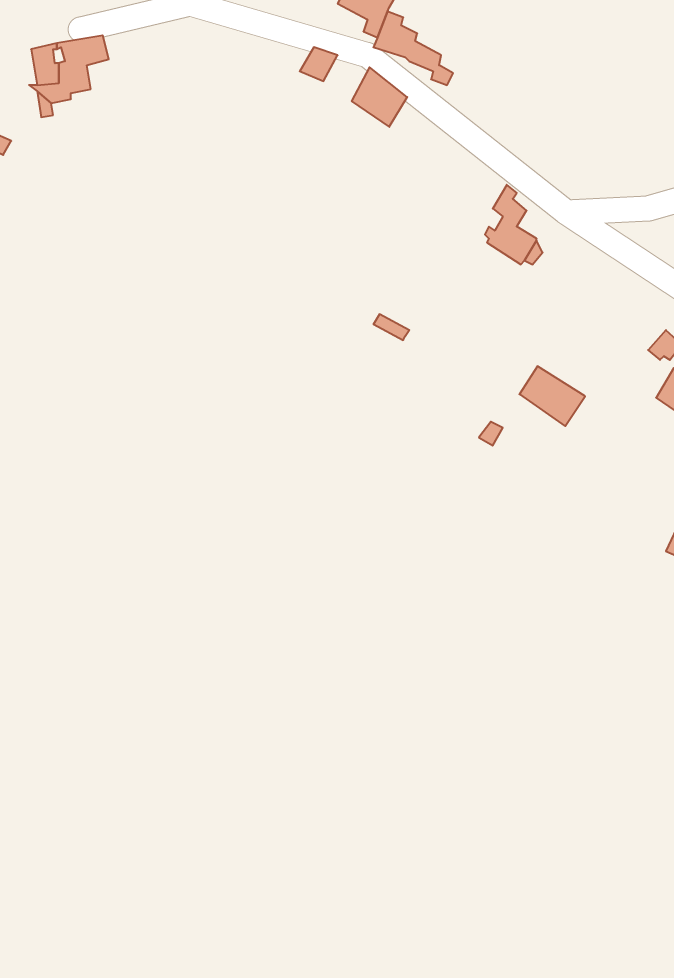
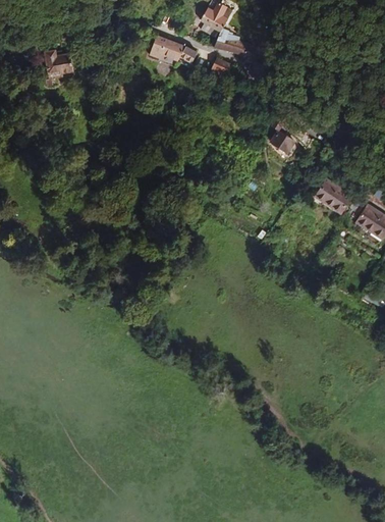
building: none -> [150,34,183,57]
building: [519,366,585,426] -> [318,180,351,211]

